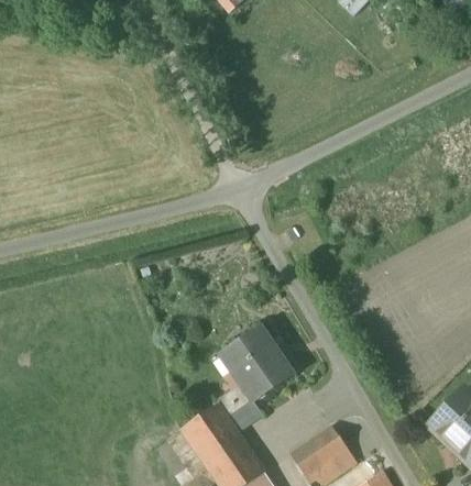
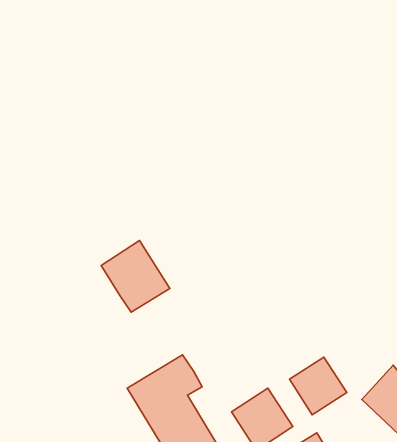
building: [220,329,293,405] -> [101,240,170,312]
building: none -> [290,357,347,415]

